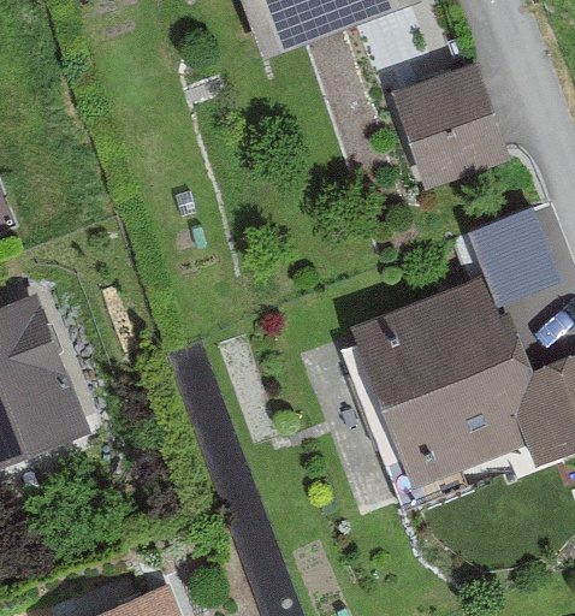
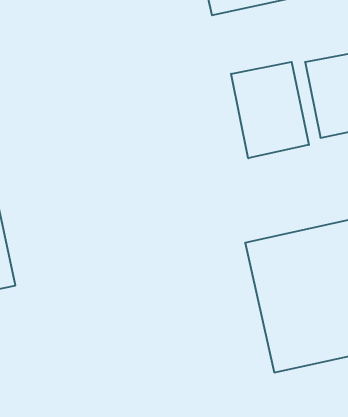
building: none -> [231,62,309,158]

